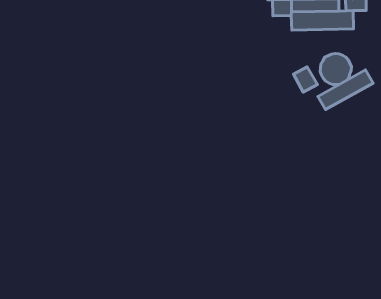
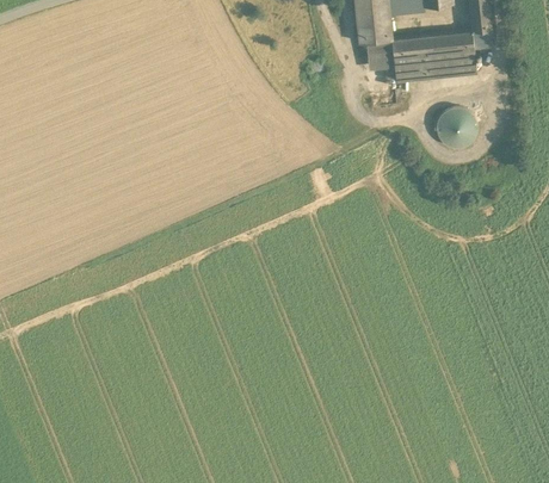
building: [294,67,317,92] -> none
building: [318,70,373,110] -> none

